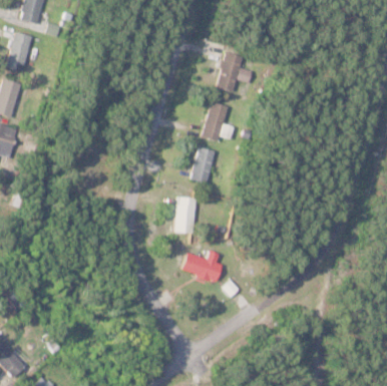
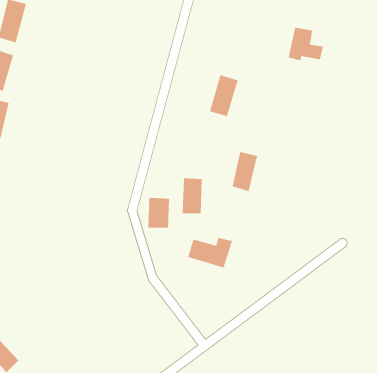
building: [219,53,252,84] -> [288,27,324,61]
building: [189,147,214,184] -> [232,152,258,192]
building: none -> [148,197,169,228]

